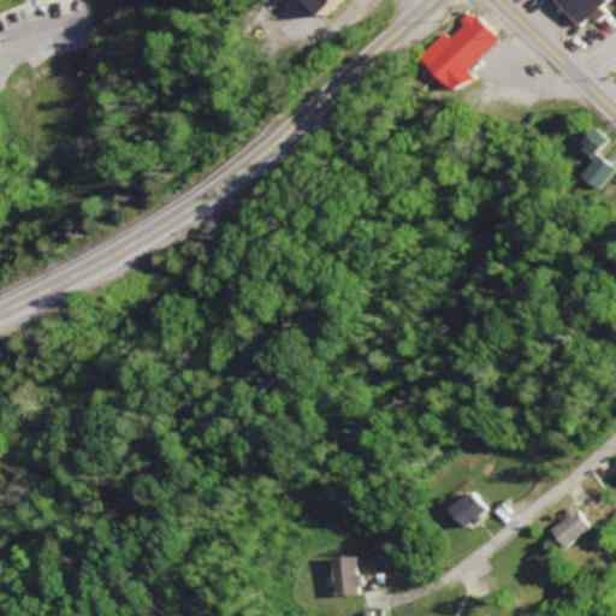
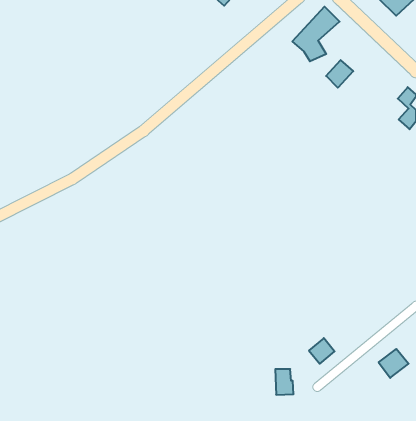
building: none -> [326,60,353,88]
building: [330,556,356,593] -> [275,369,294,395]

